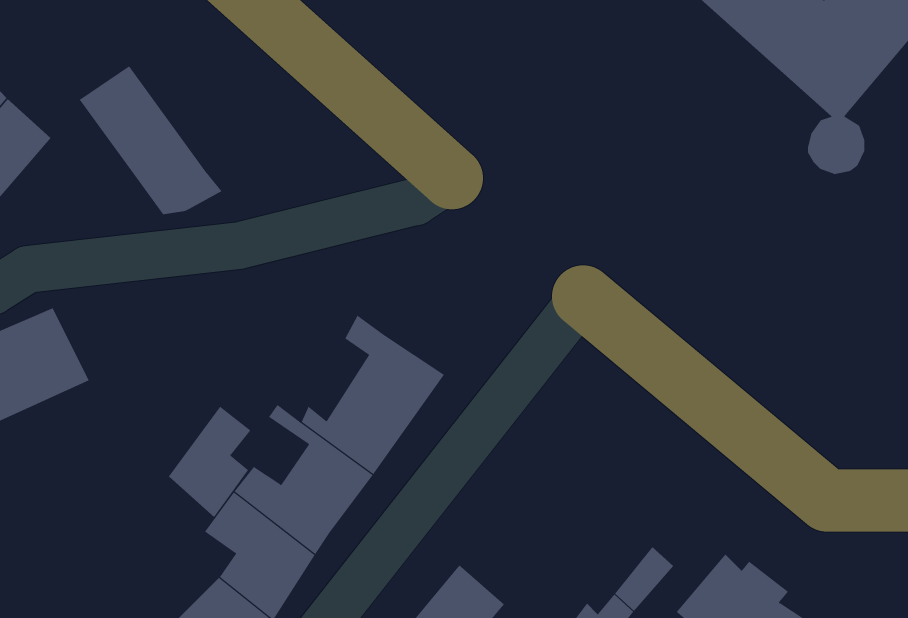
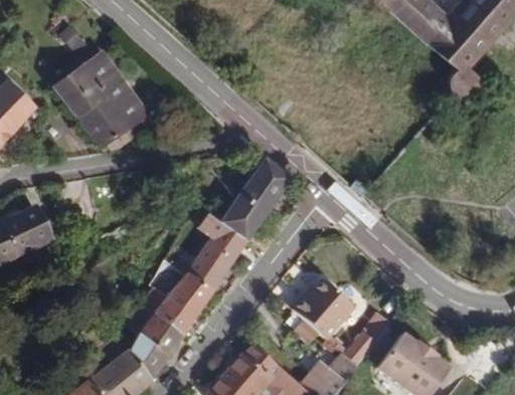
building: none -> [78,47,144,123]
building: none -> [219,146,297,235]
building: [168,406,251,518] -> none
building: none -> [295,276,361,341]

